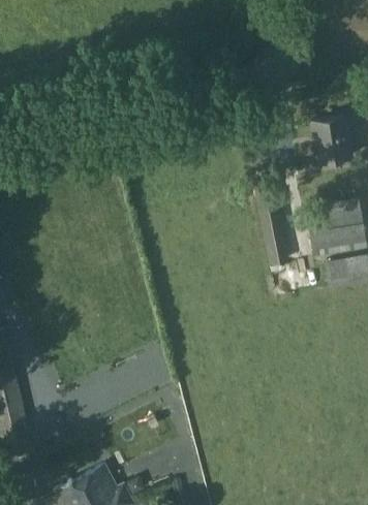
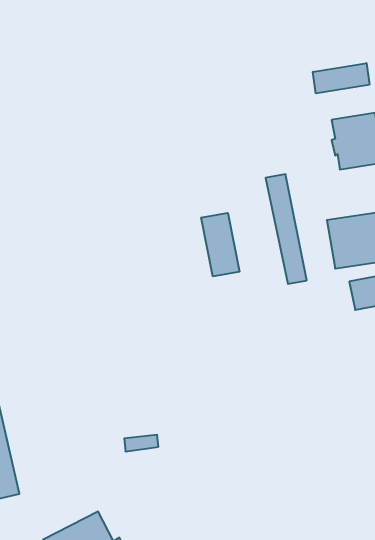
building: none -> [313,63,369,93]
building: none -> [201,213,239,276]

